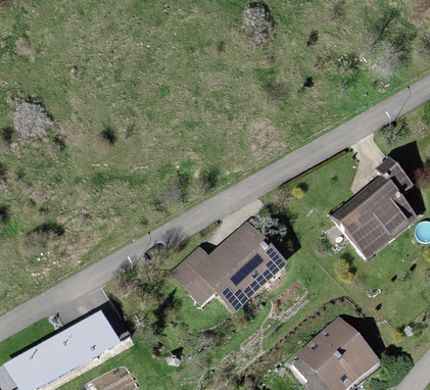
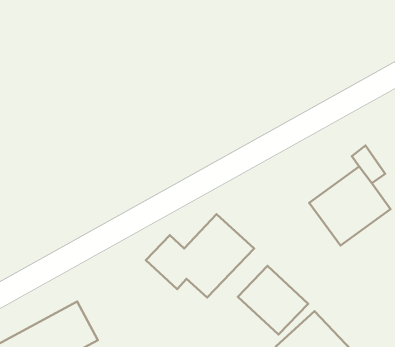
building: none -> [238,266,308,335]

